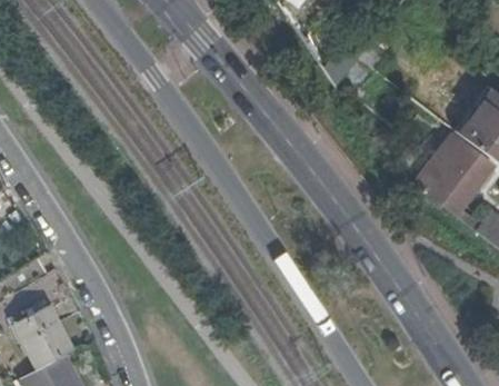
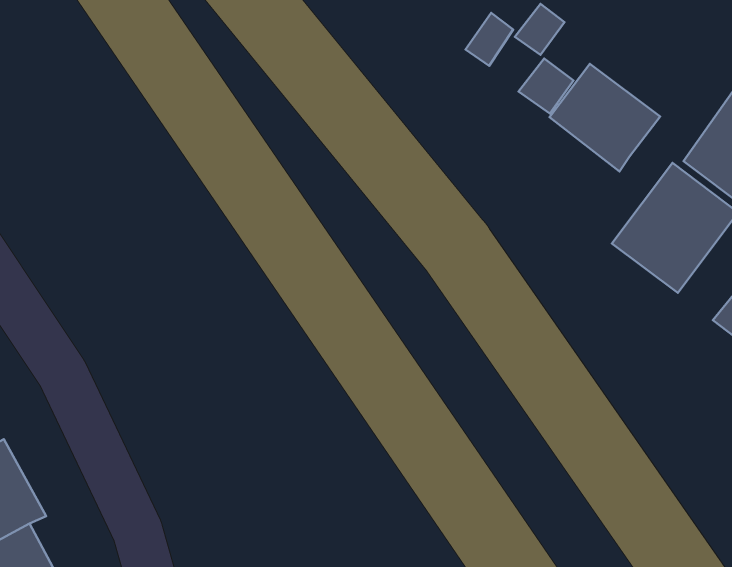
building: none -> [549,64,660,172]

